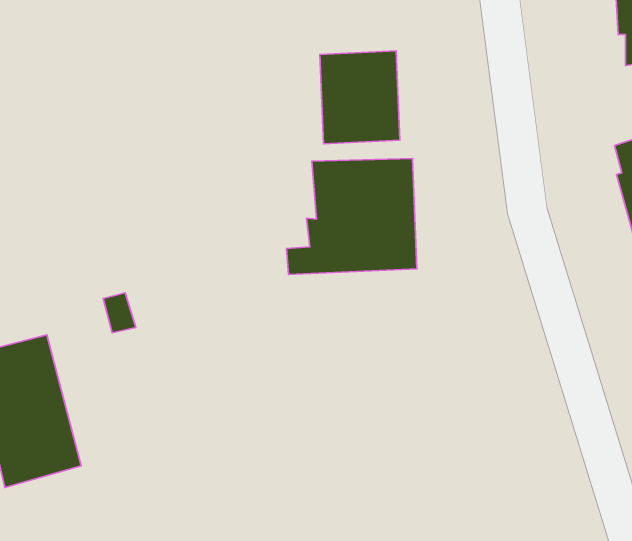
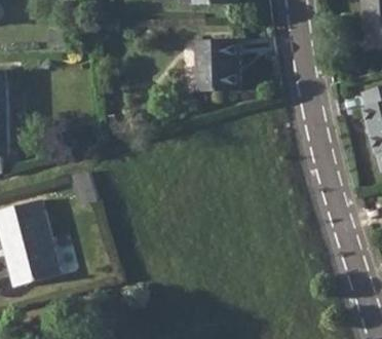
building: [286,159,417,274] -> none

